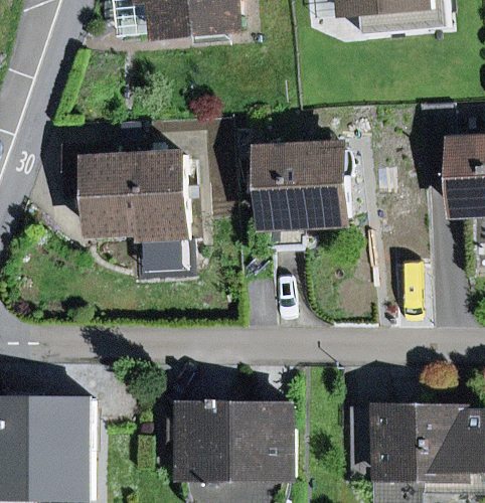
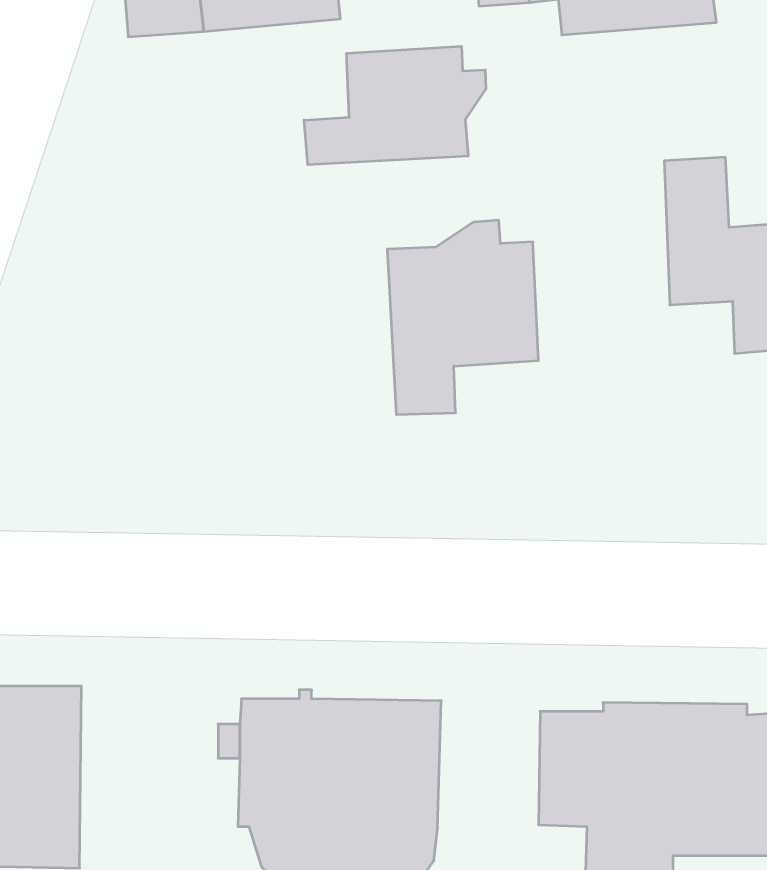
building: none -> [304,46,486,165]
building: [70,144,188,229] -> none

